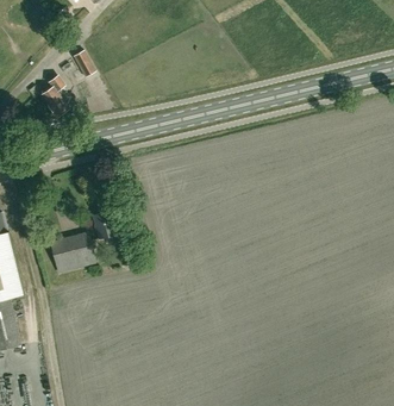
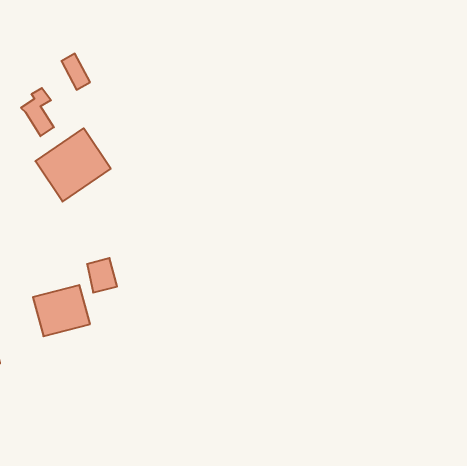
building: none -> [35,128,111,202]

